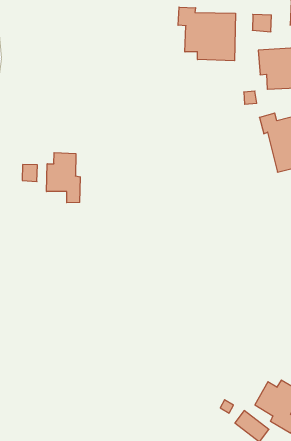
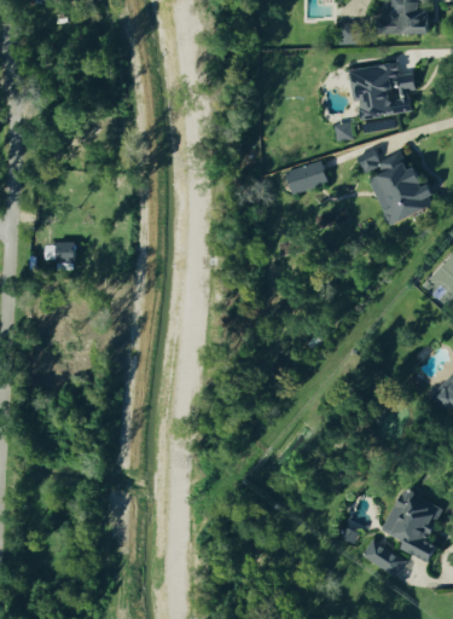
building: [178,7,235,61] -> none
building: none -> [286,161,329,195]
building: [47,153,80,203] -> none

